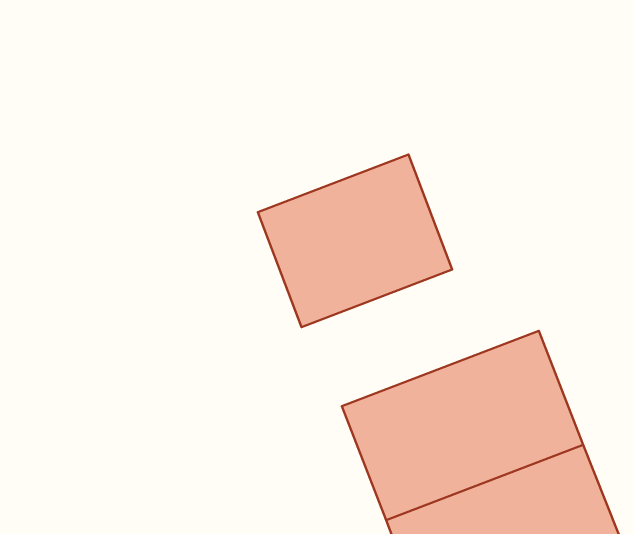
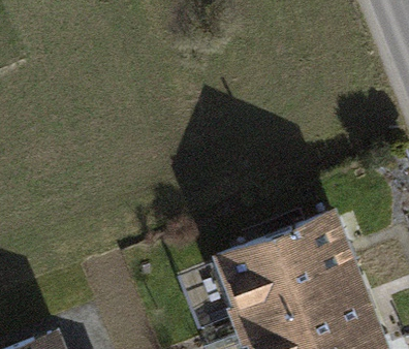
building: [258,155,452,327] -> none

